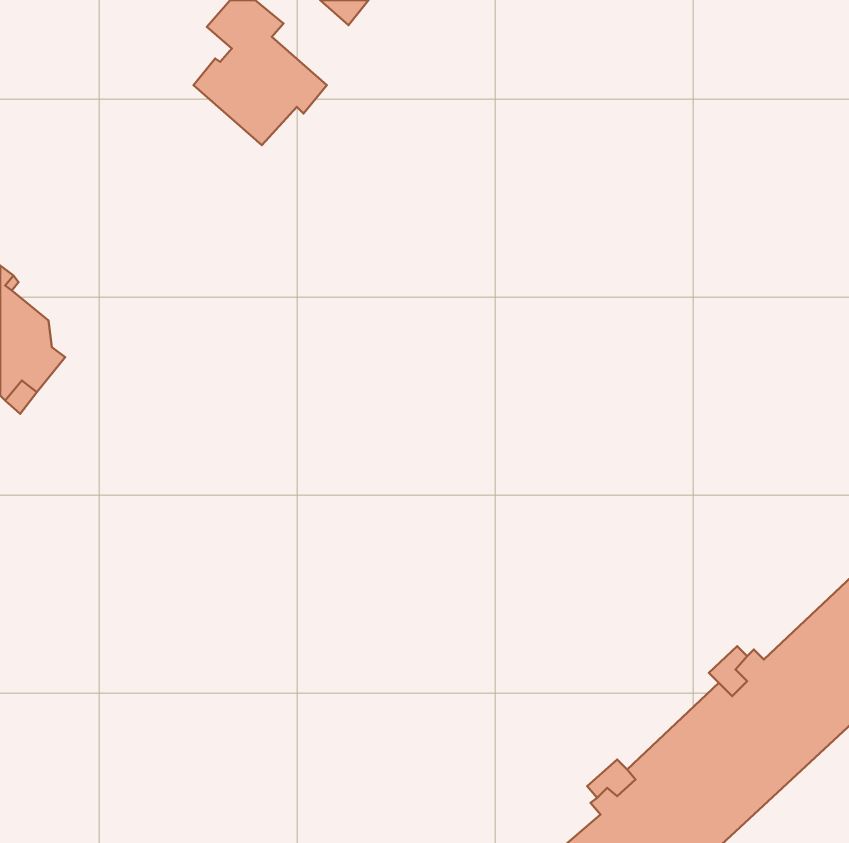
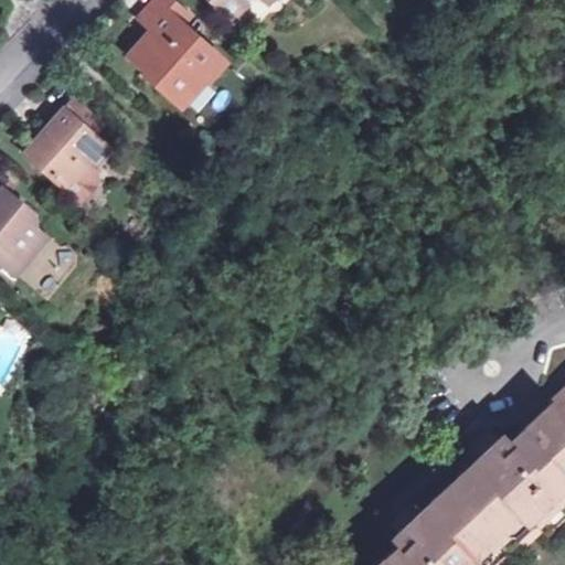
building: none -> [28,105,113,192]

